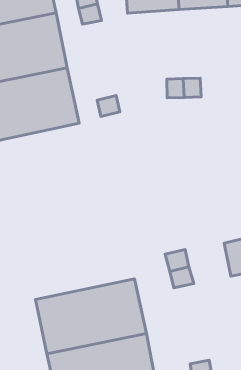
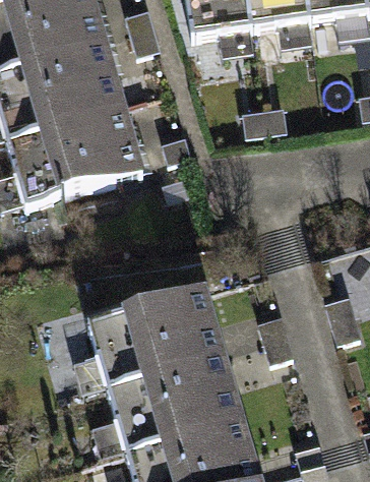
building: none -> [89,288,225,387]

